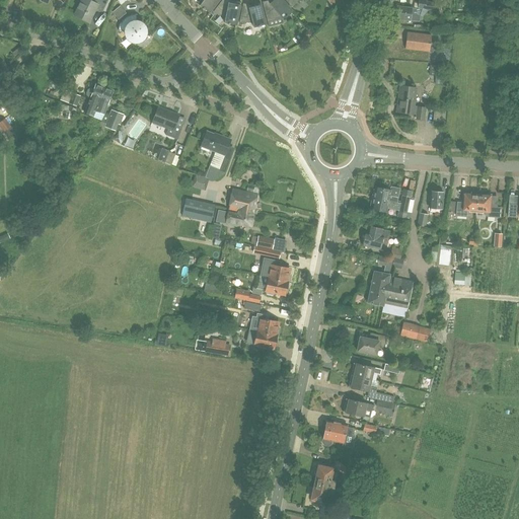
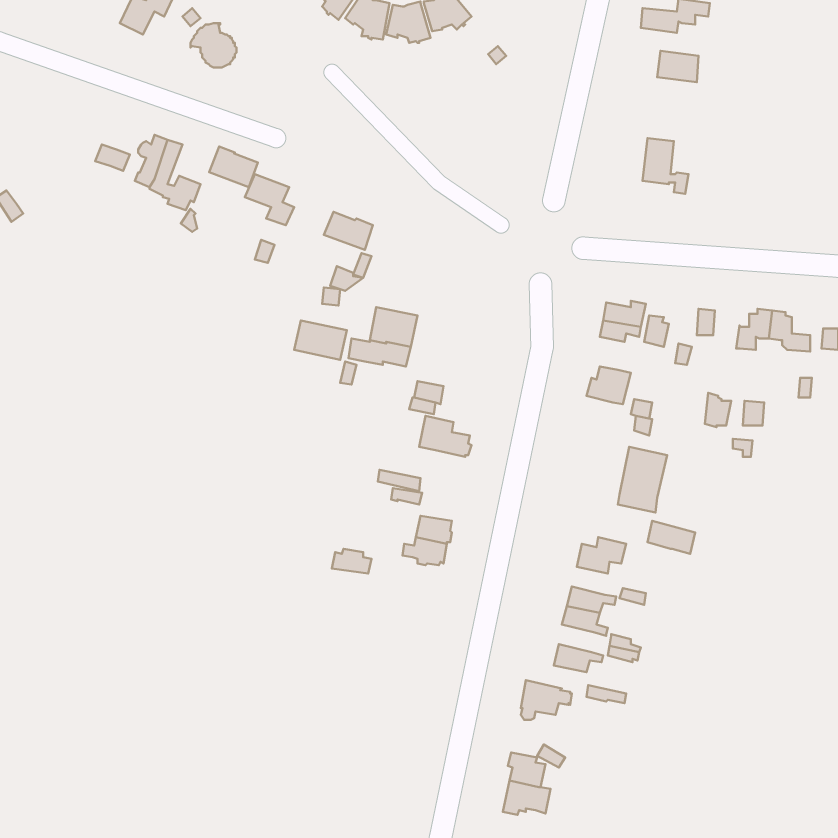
building: none -> [209,146,258,187]
building: [366,270,388,305] -> none
building: [251,276,287,294] -> none

